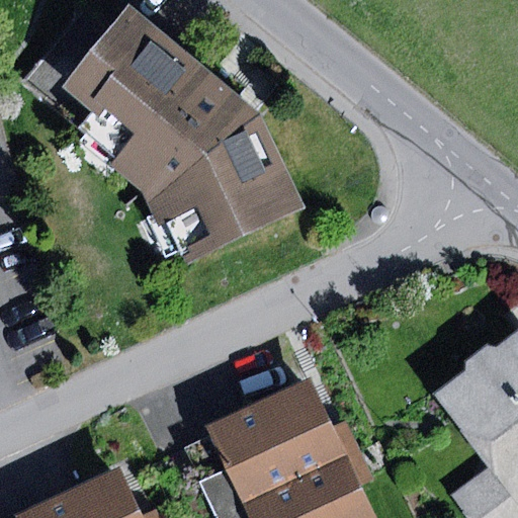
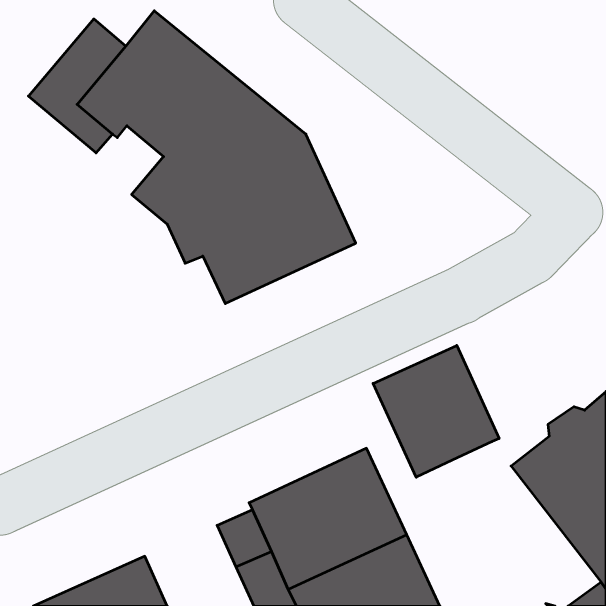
building: none -> [373,345,499,477]

